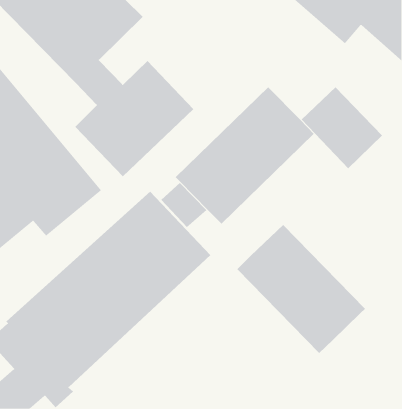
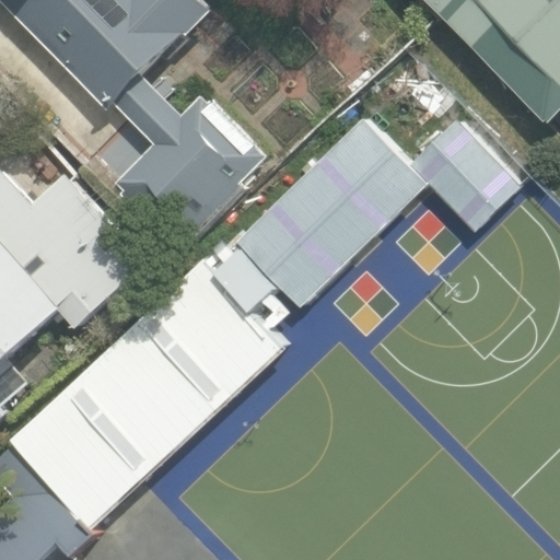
building: [237,224,366,354] -> none

